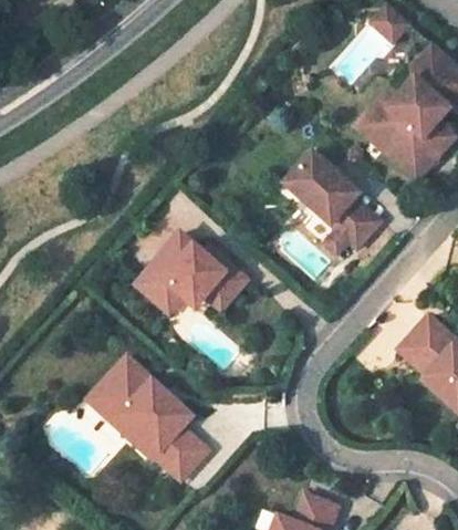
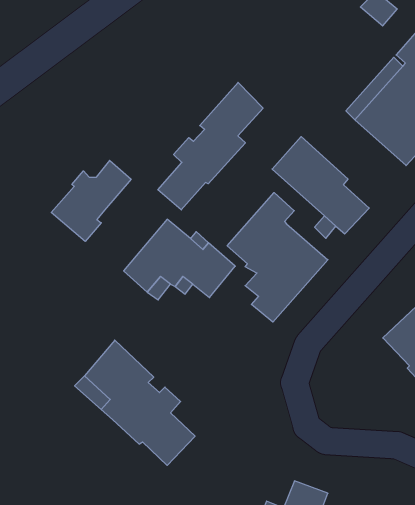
building: none -> [158,82,263,210]
building: none -> [51,160,131,241]
building: none -> [227,193,328,322]

